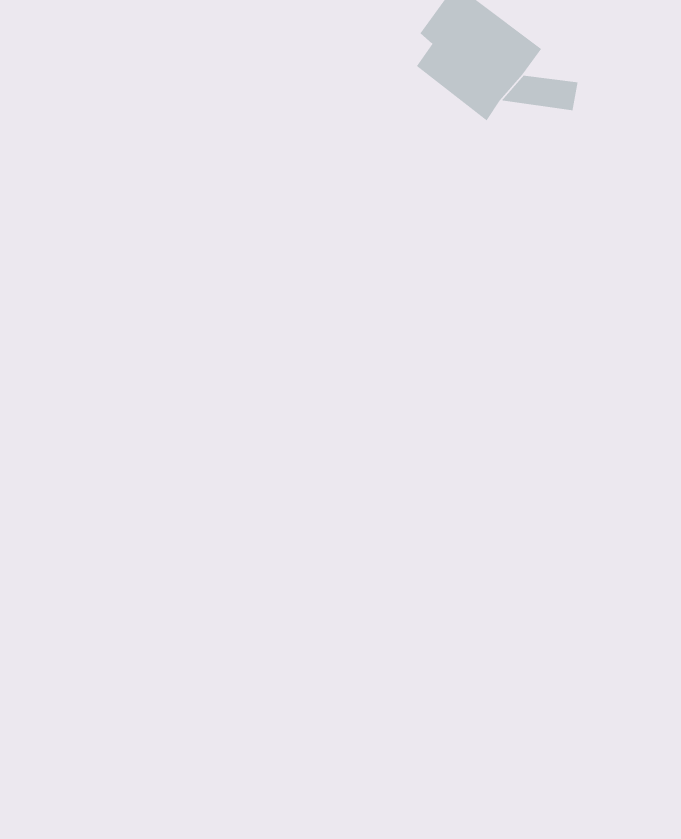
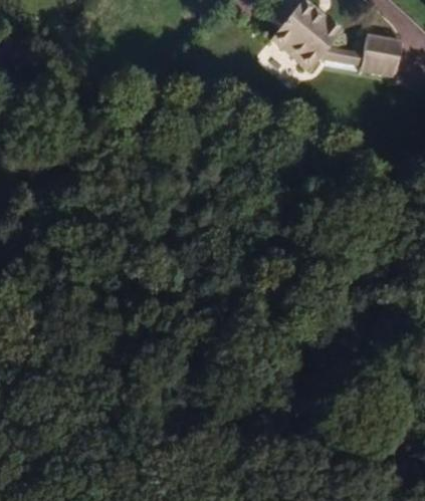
building: none -> [356,37,399,85]

